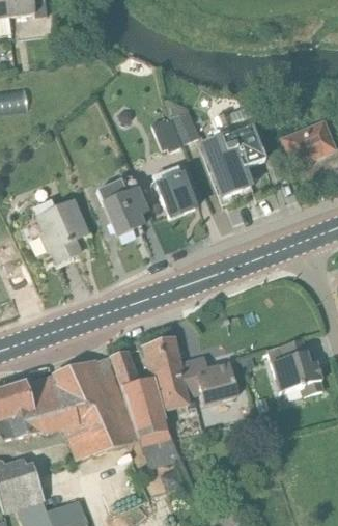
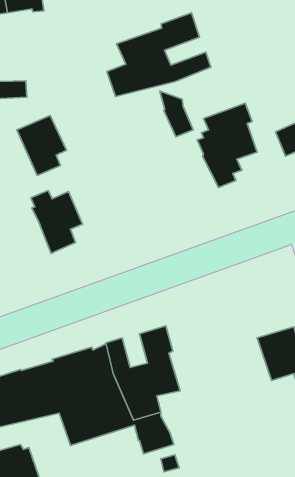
building: none -> [107,13,211,97]
building: [150,118,180,151] -> none
building: [97,173,148,234] -> [17,116,66,176]
building: [159,174,196,217] -> none
building: [175,356,237,403] -> none

